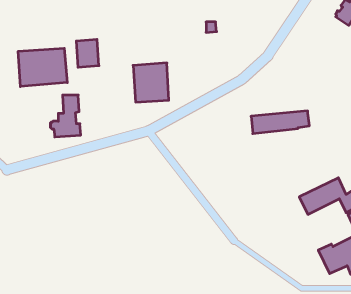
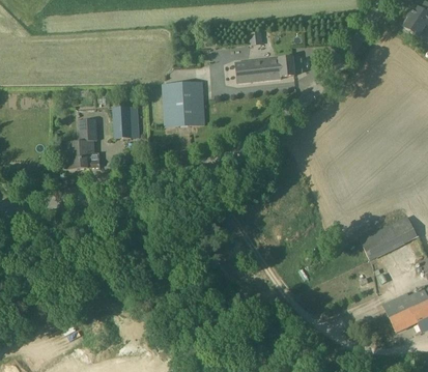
building: [76,39,99,67] -> [112,106,139,139]
building: [18,48,67,87] -> none
building: [251,111,309,134] -> [225,57,294,84]

